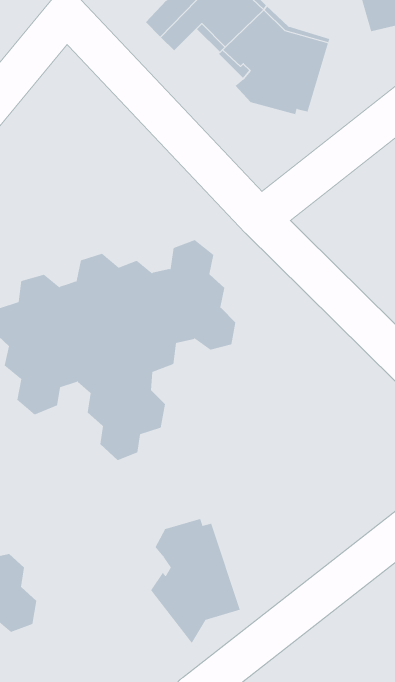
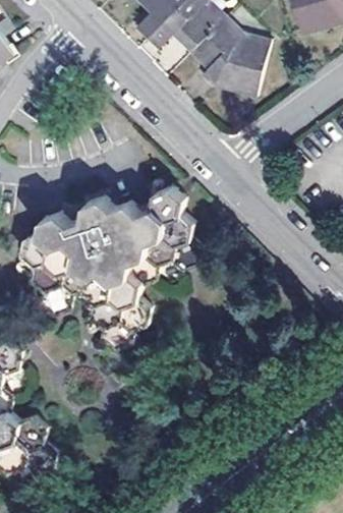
building: [151,518,241,644] -> none

